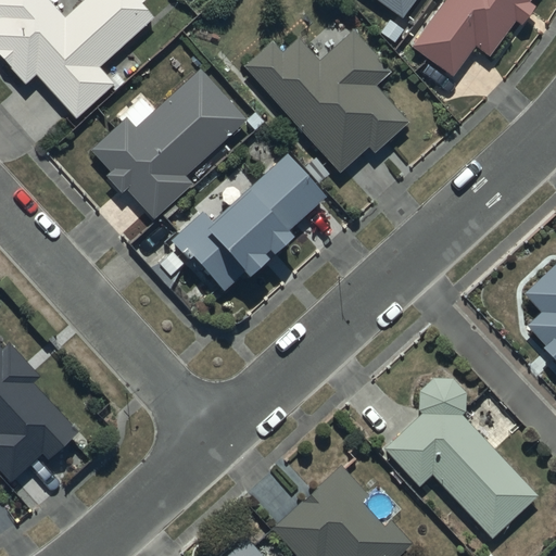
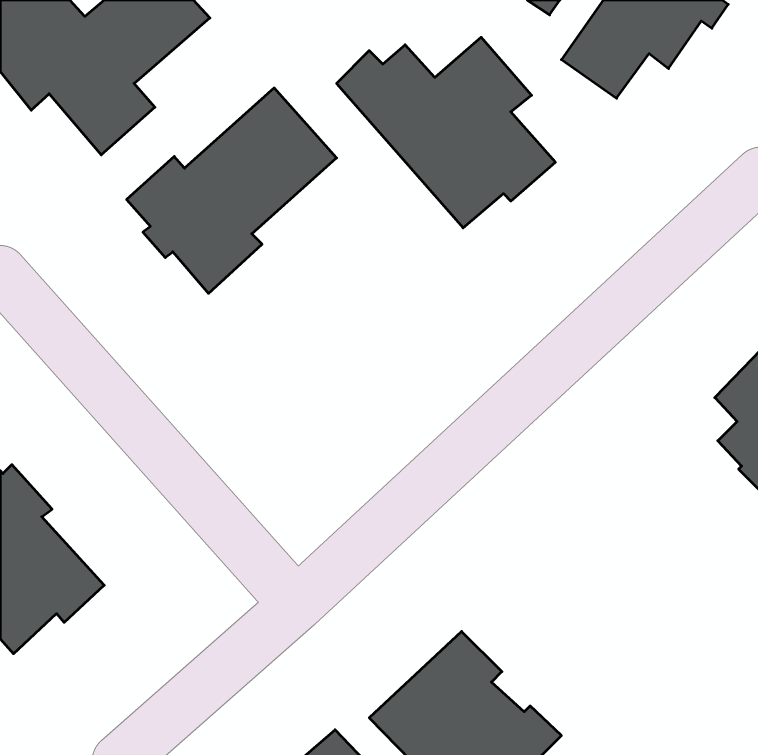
building: [176,154,326,289] -> none
building: [382,377,535,538] -> none

